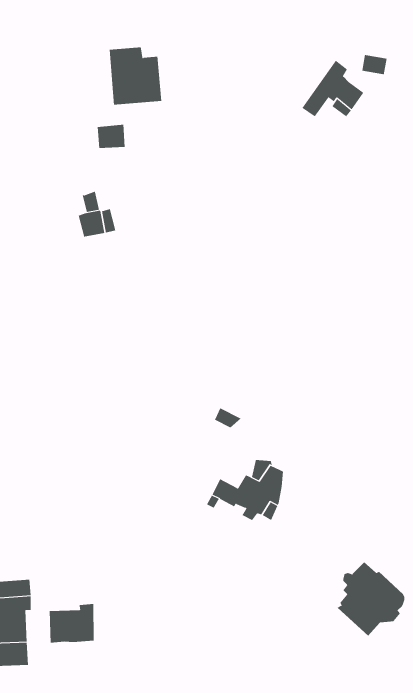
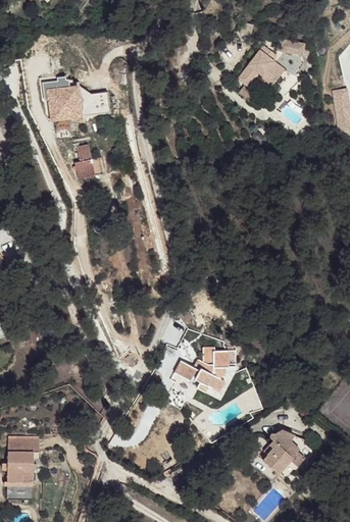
building: [109,47,162,105] -> [43,81,83,124]
building: [49,603,94,643] -> none

